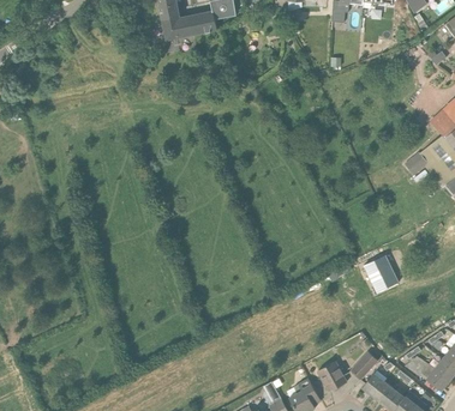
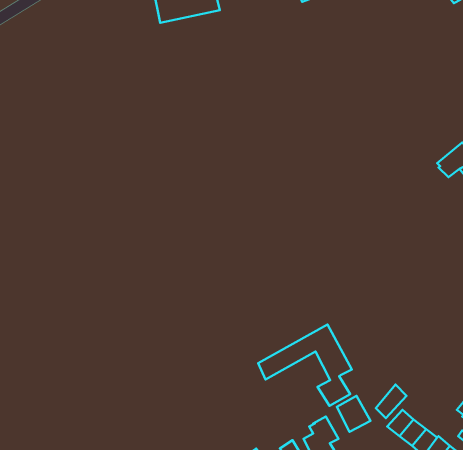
building: [364,253,399,291] -> none
building: none -> [258,325,352,406]

